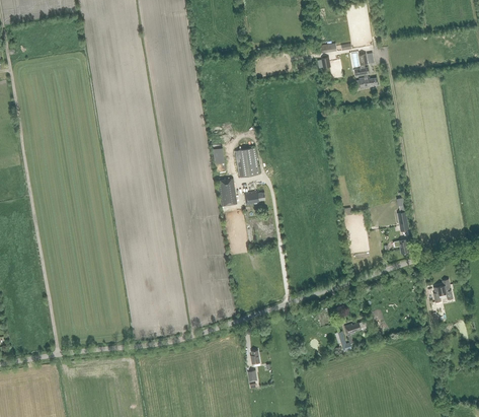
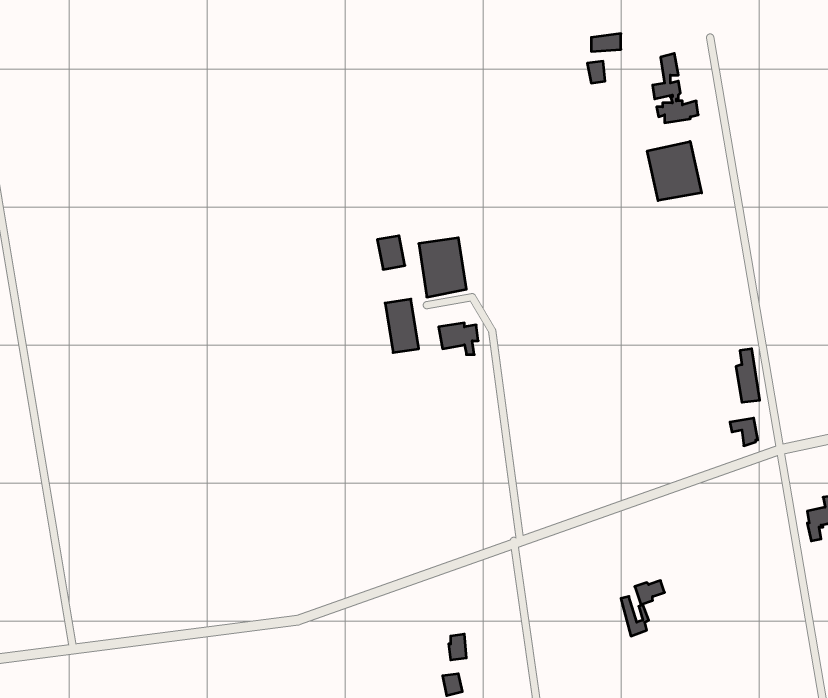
building: none -> [647,141,702,201]

